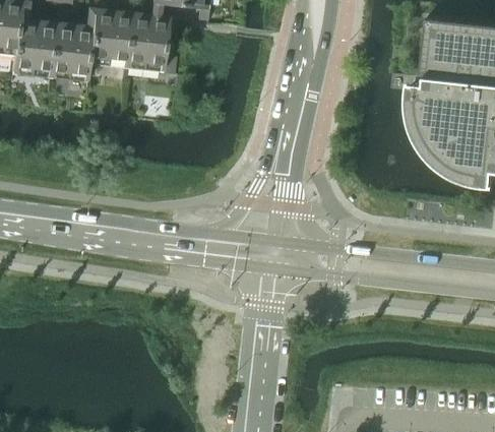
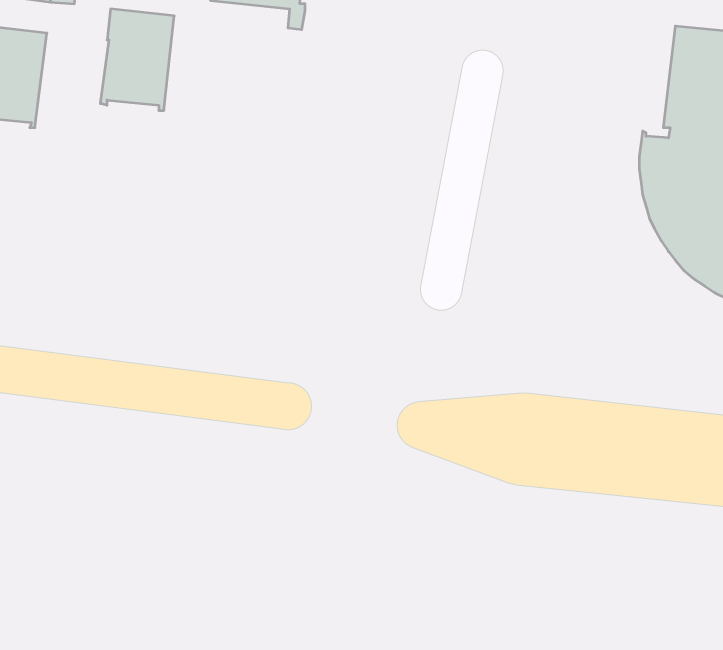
building: [123,12,173,74] -> none
building: [47,22,90,82] -> none

